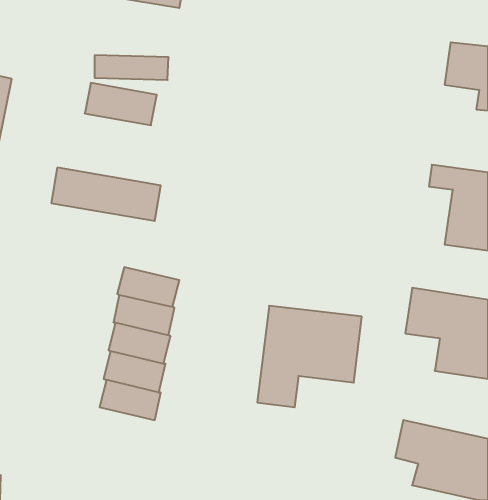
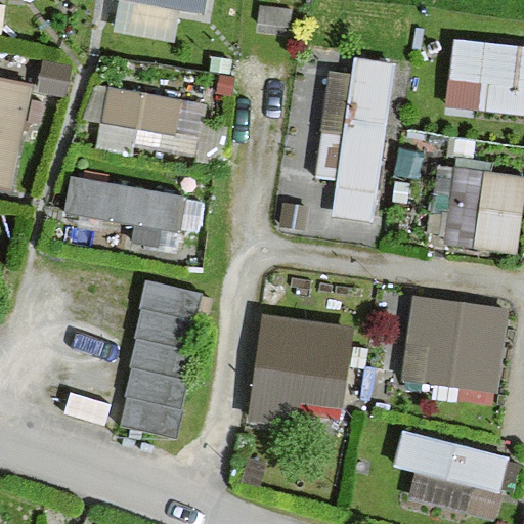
building: none -> [331,71,410,225]

